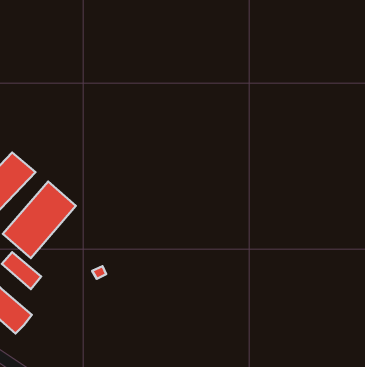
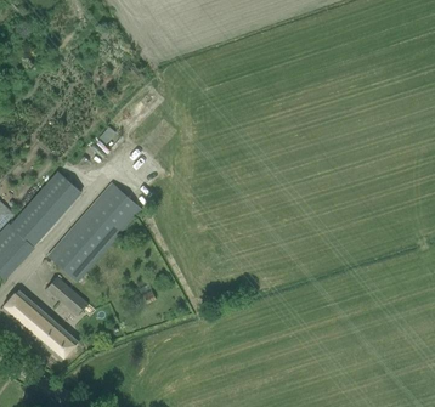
building: none -> [95,182,141,227]

